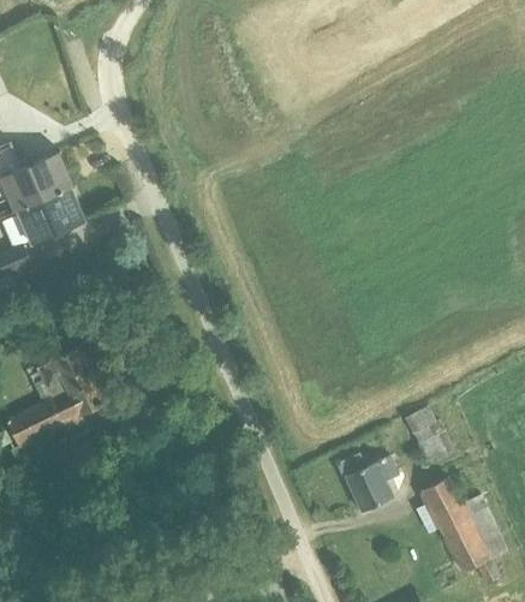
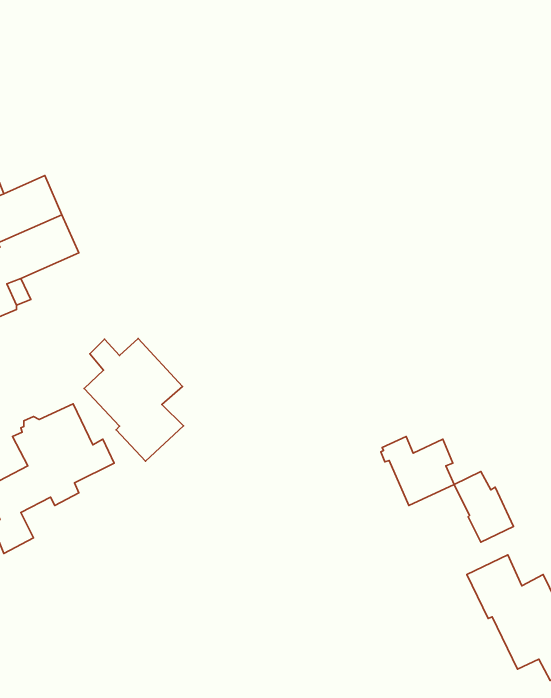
building: none -> [84,338,183,461]
building: [338,453,400,512] -> [381,436,454,506]

